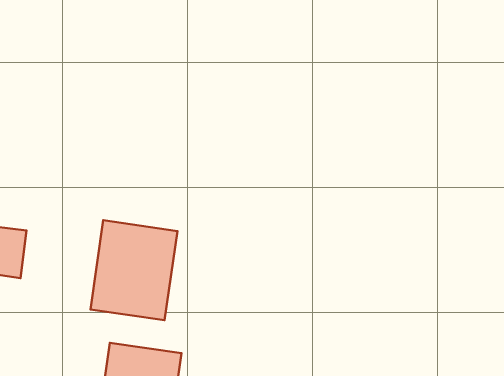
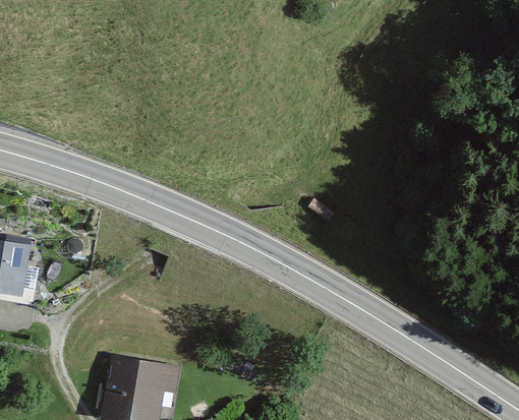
building: [90,220,177,320] -> none

